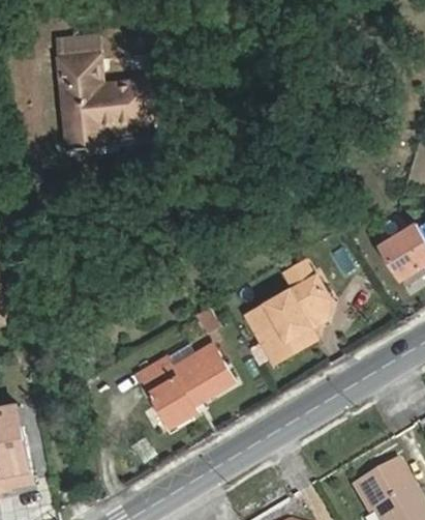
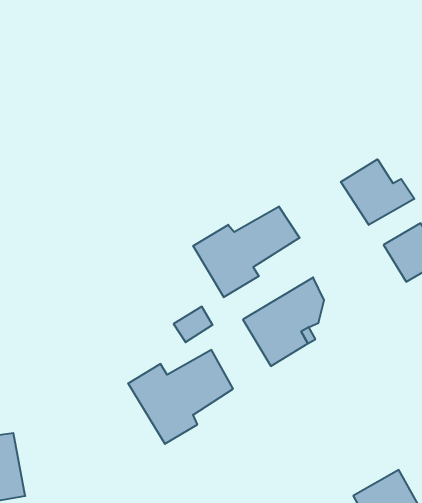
building: [55,32,166,145] -> none
building: none -> [341,159,414,225]
building: none -> [193,206,300,297]

